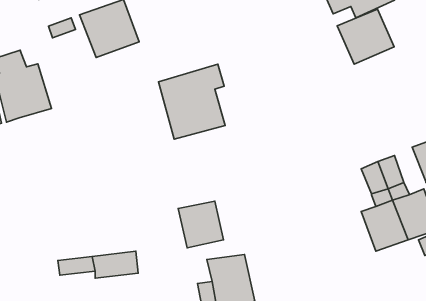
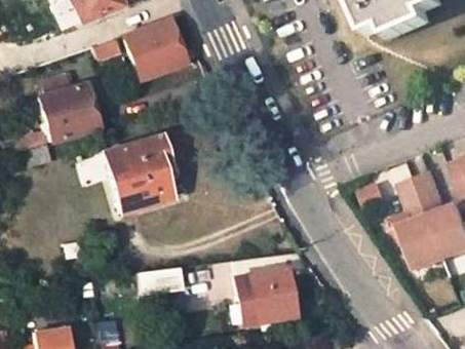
building: [337,9,394,64] -> none
building: [159,64,225,139] -> [102,135,167,209]
building: [178,201,223,248] -> none

